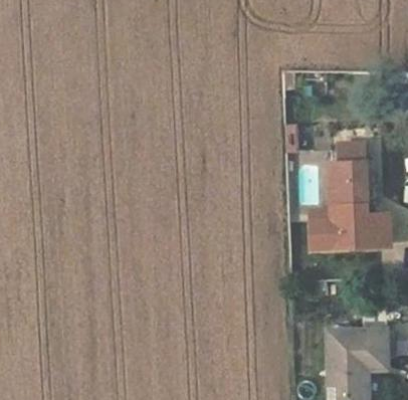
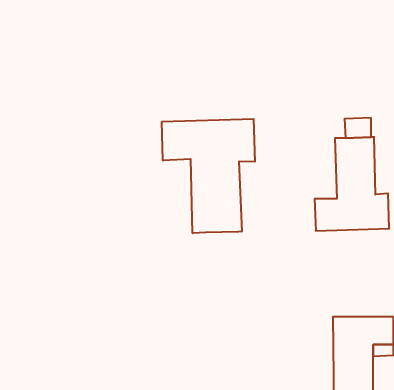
building: none -> [162,119,255,233]

